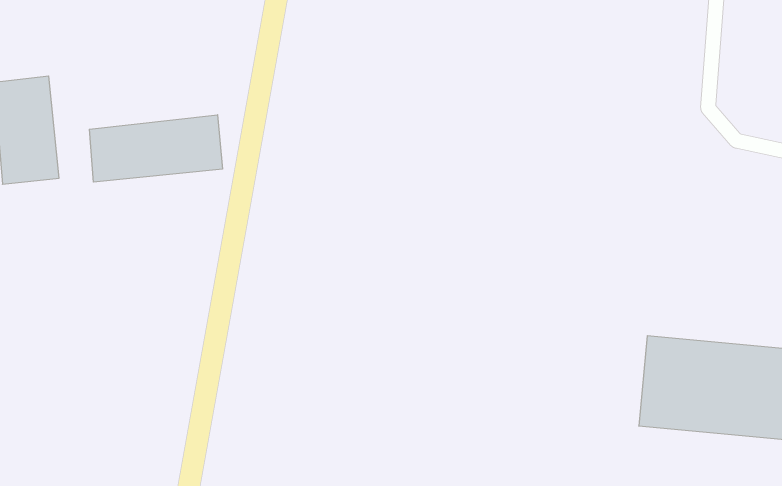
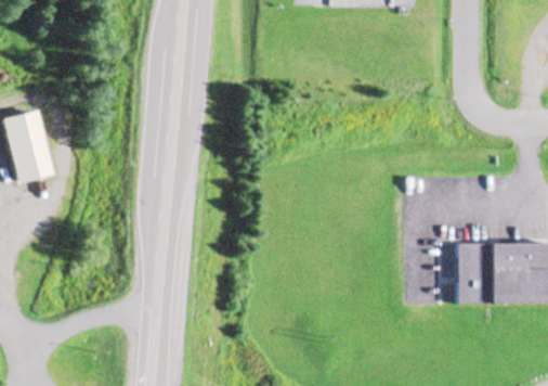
building: [89,115,222,182] -> none

